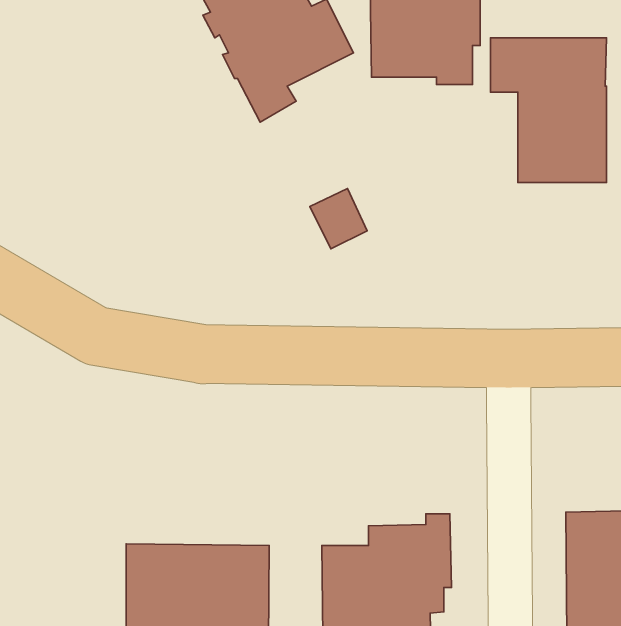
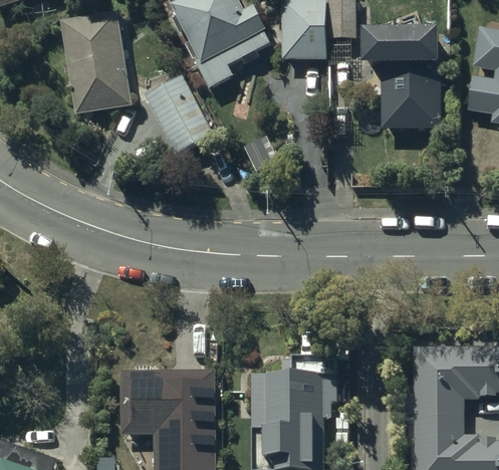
building: none -> [59,10,132,113]
building: none -> [145,74,213,153]

